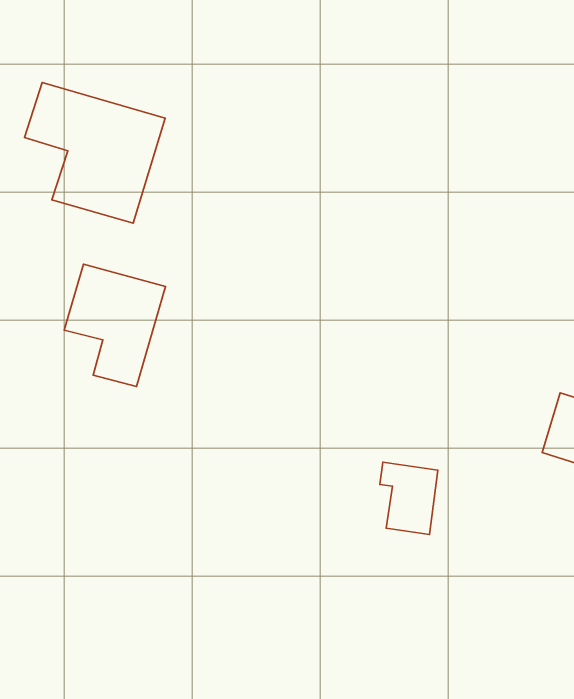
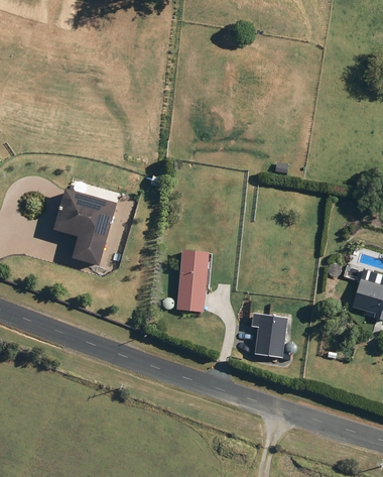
building: [24,83,165,223] -> none
building: none -> [176,249,209,312]

